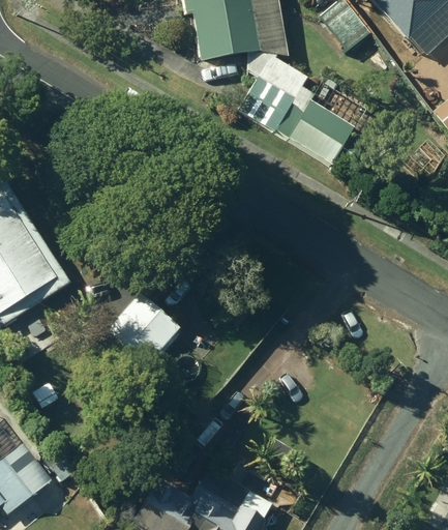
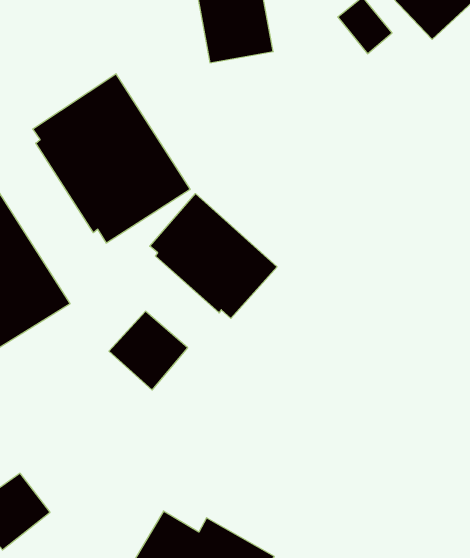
building: [239,54,356,163] -> none
building: none -> [33,74,190,243]
building: none -> [150,194,277,318]

